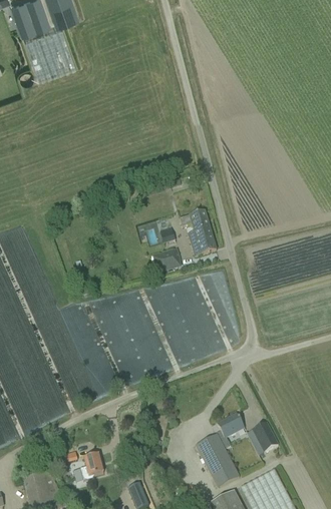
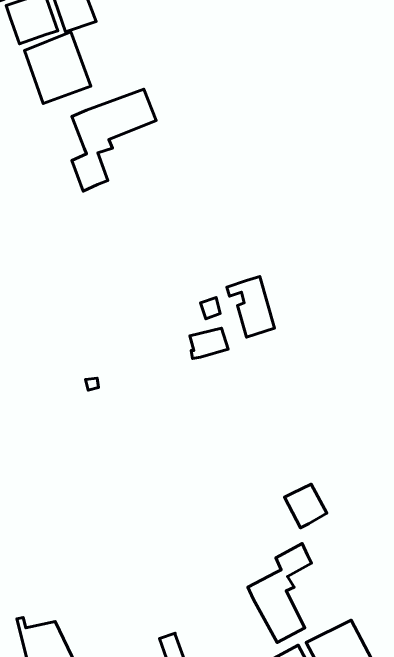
building: none -> [72,89,156,191]
building: [245,423,277,456] -> [285,484,327,528]
building: [79,454,102,481] -> none

